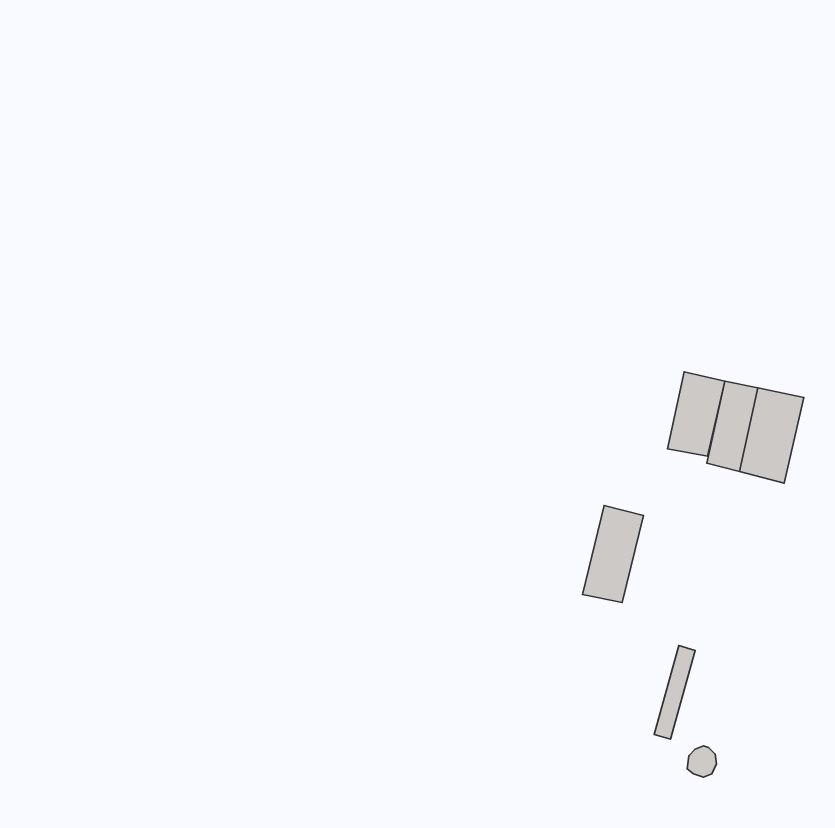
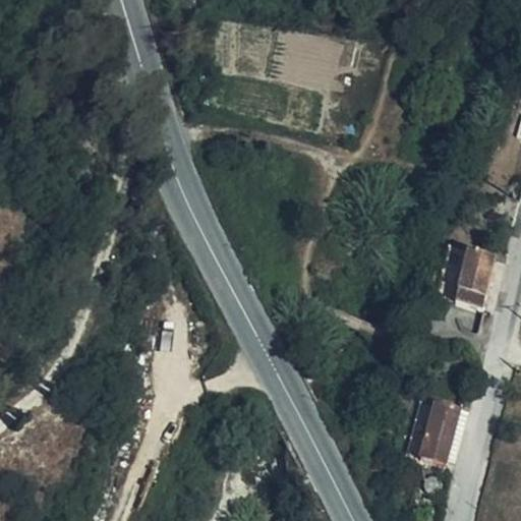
building: [668,372,725,456] -> none
building: [583,506,643,603] -> [422,399,460,459]

